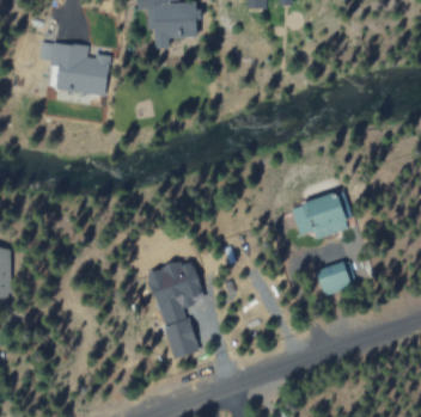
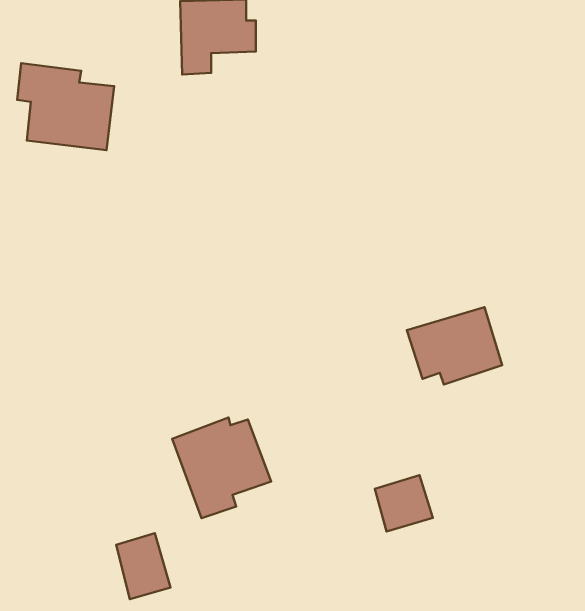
building: [317,262,353,296] -> [375,475,433,531]
building: [166,319,200,360] -> [116,533,170,599]

